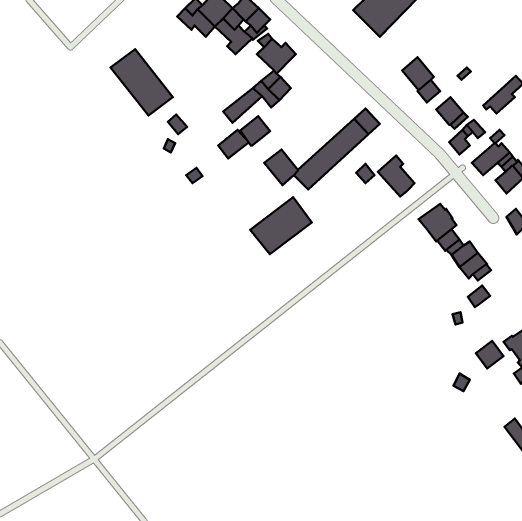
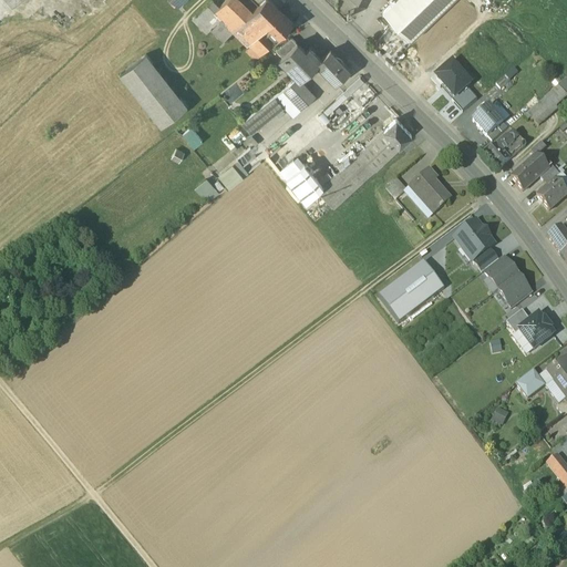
building: none -> [318,50,348,81]
building: [240,116,270,146] -> none
building: [250,197,312,254] -> [379,260,445,322]
building: none -> [519,315,554,349]

